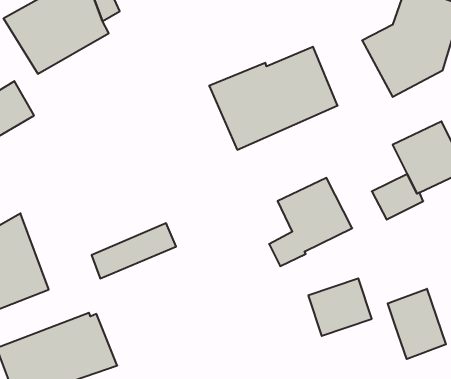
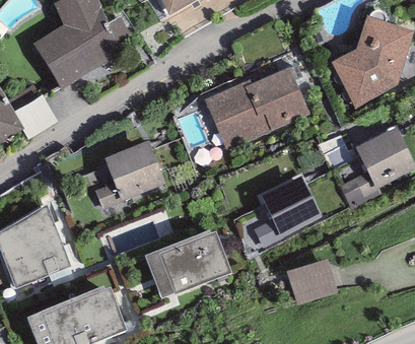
building: none -> [94,140,165,209]
building: none -> [144,229,231,298]
building: [388,289,446,359] -> none

